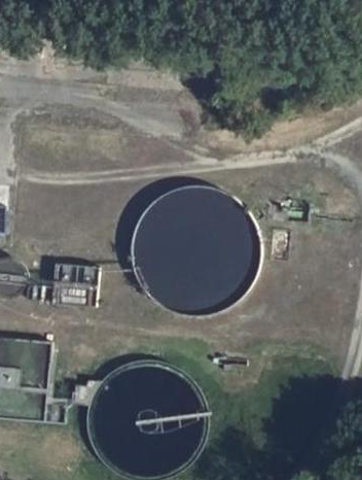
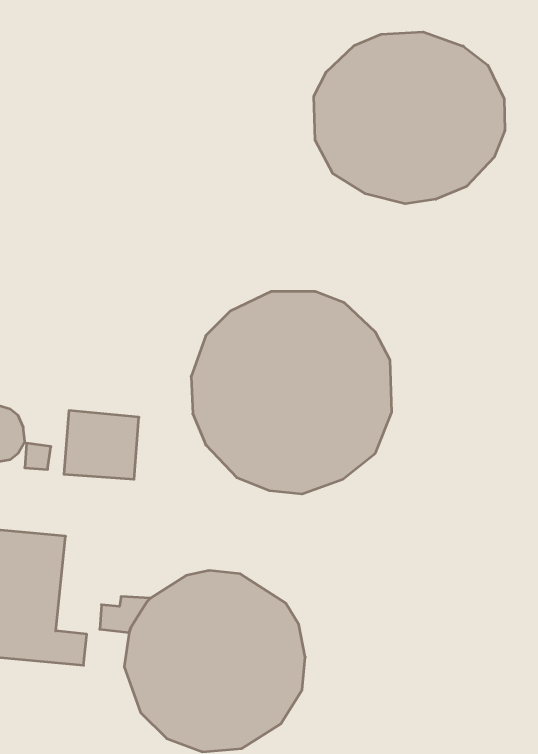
building: none -> [314,32,505,204]

